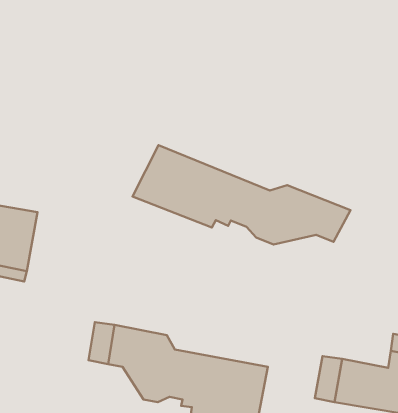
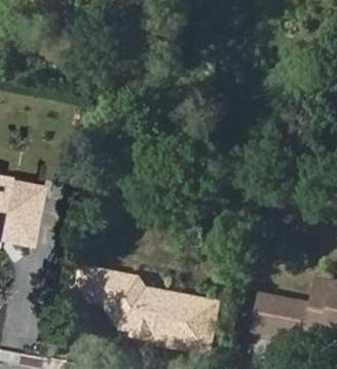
building: [133,145,351,245] -> none

